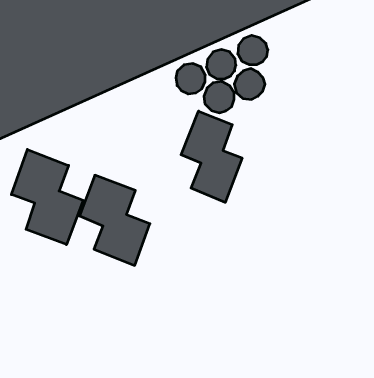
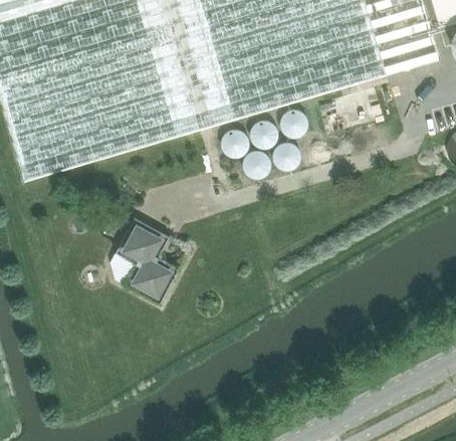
building: [181,111,242,202] -> none
building: [11,149,83,245] -> none

